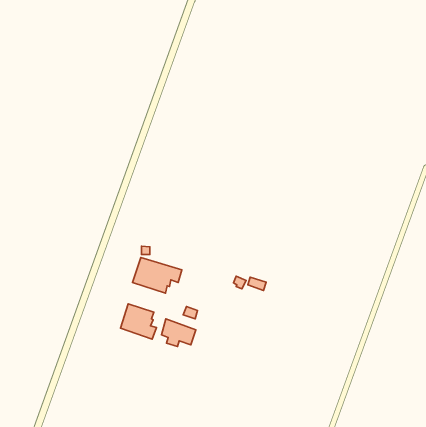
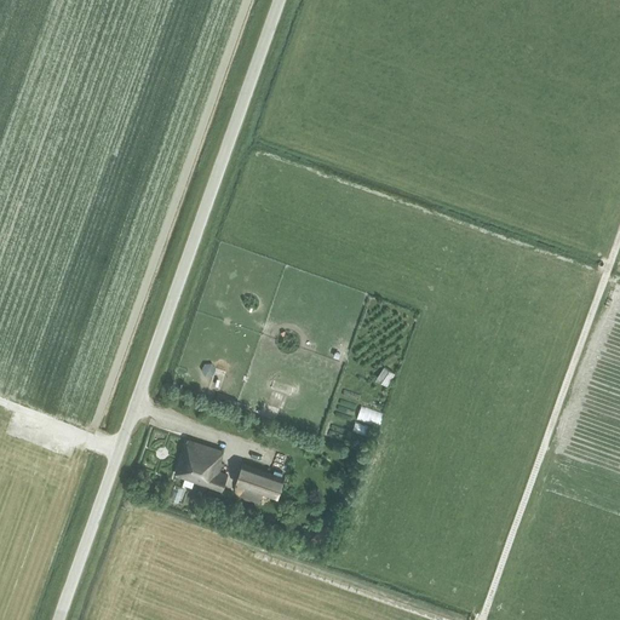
building: [132,257,182,293] -> none

